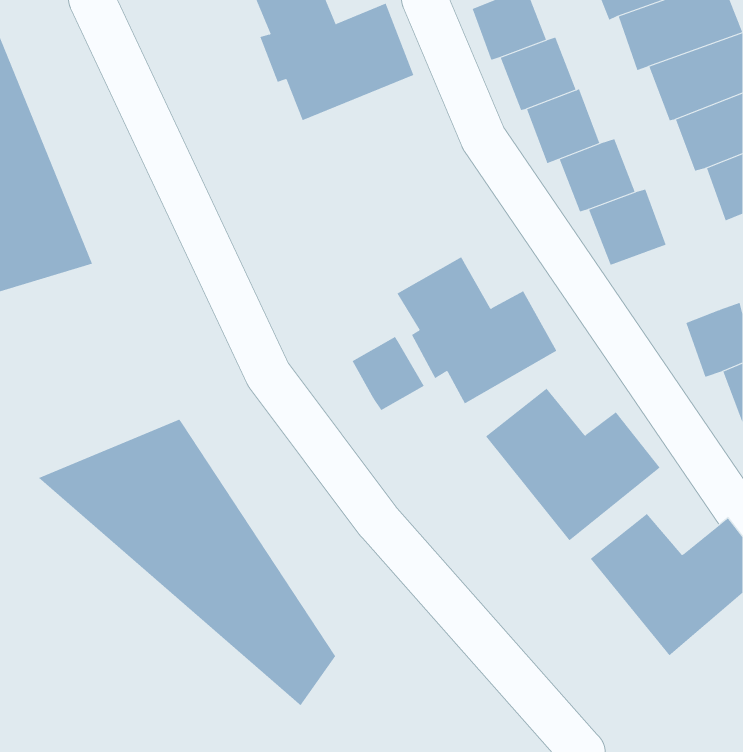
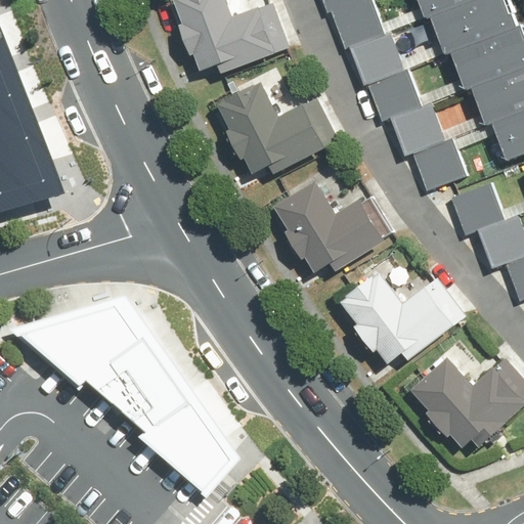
building: none -> [222,83,324,181]
building: none -> [446,177,499,229]
building: [352,336,425,411] -> none

